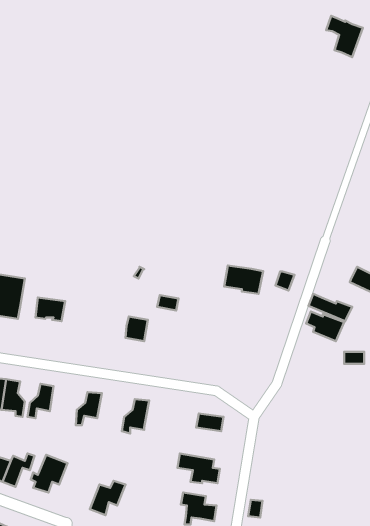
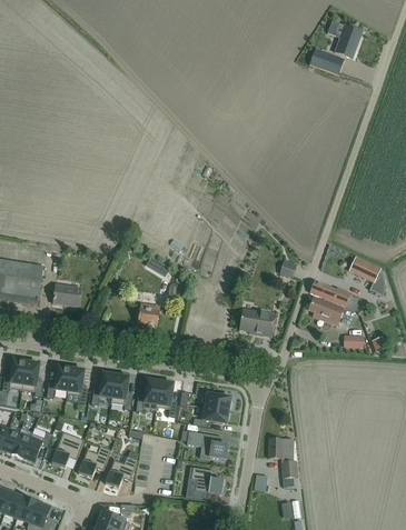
building: none -> [309,48,344,73]
building: [224,265,263,294] -> [239,309,276,336]
building: none -> [67,367,88,402]
building: none -> [110,373,132,409]
building: none -> [156,380,177,416]
building: none -> [192,406,228,426]
building: none -> [268,437,298,487]
building: none -> [78,444,111,477]

